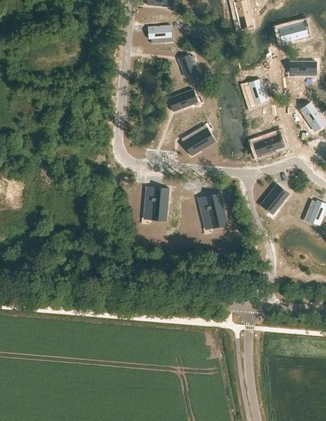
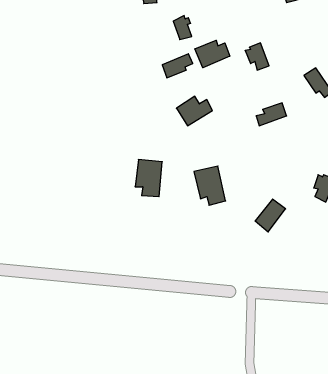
building: [289,61,316,75] -> none
building: none -> [195,40,230,68]
building: [260,184,288,214] -> [255,199,286,232]

